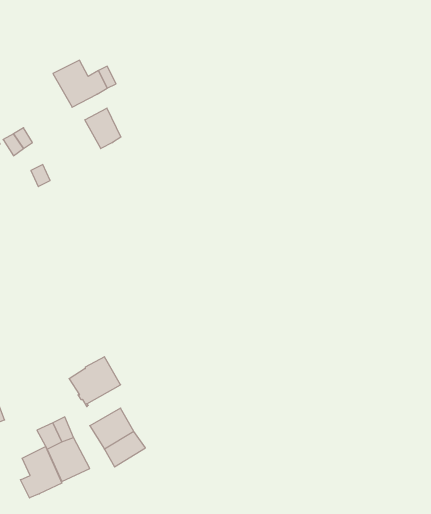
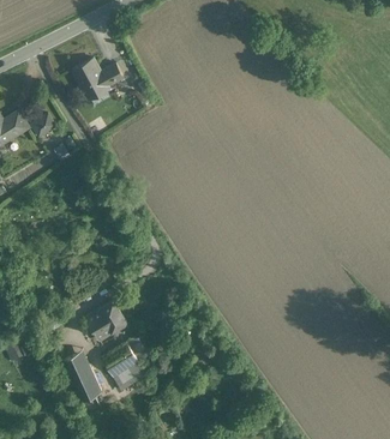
building: [85,108,121,149] -> none
building: [20,446,62,498] -> none

